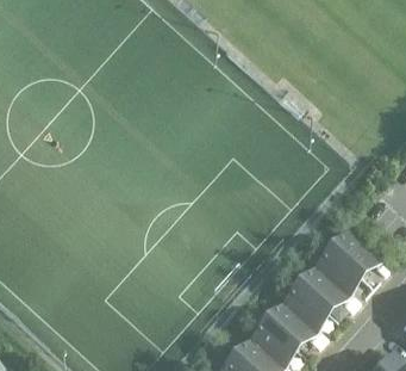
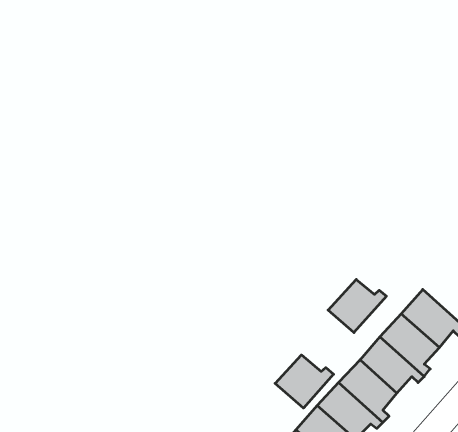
building: none -> [328,279,386,333]
building: none -> [275,355,334,408]

